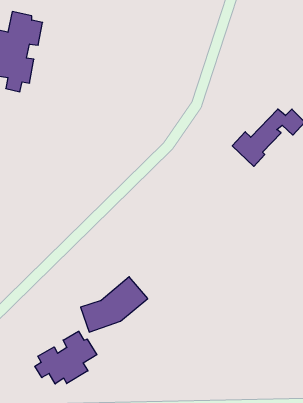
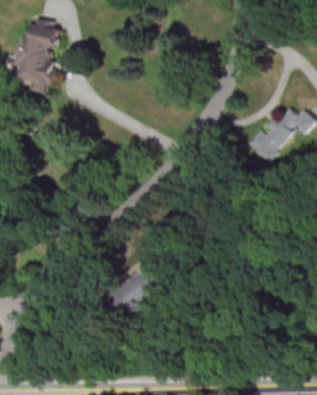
building: [35,331,97,384] -> none

